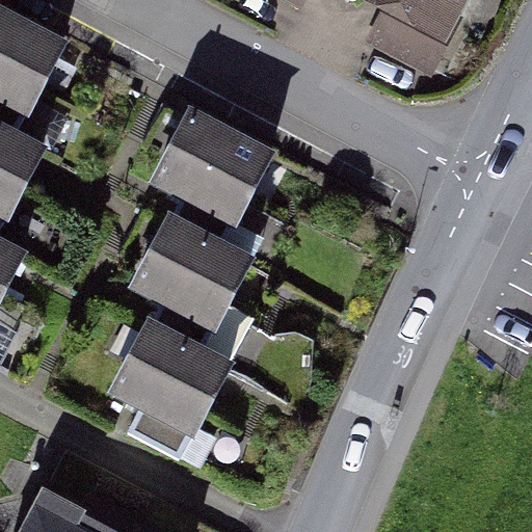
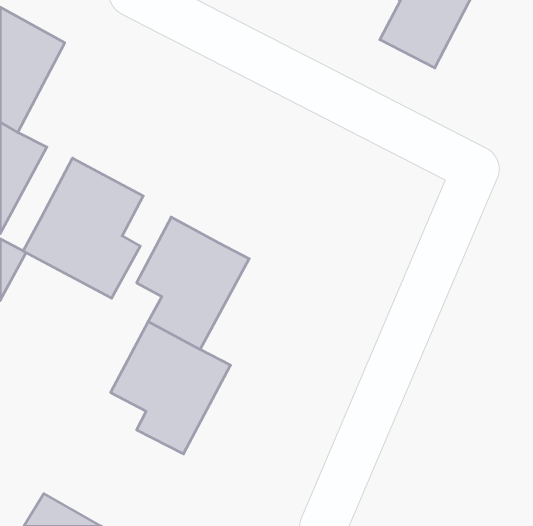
building: [156,110,267,242] -> none
building: none -> [23,158,143,298]

